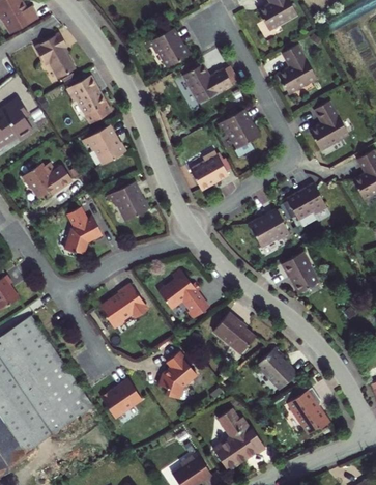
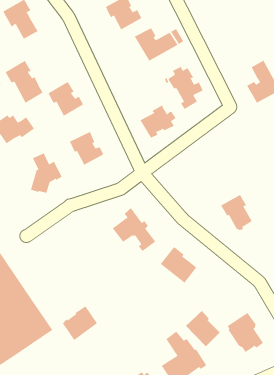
building: [276,48,315,95] -> none
building: [67,77,111,125] -> [5,60,44,104]
building: [286,186,325,221] -> none
building: [248,210,288,246] -> none
building: [100,282,148,326] -> none
building: [255,345,294,387] -> [185,310,221,347]
building: [158,348,196,395] -> none

